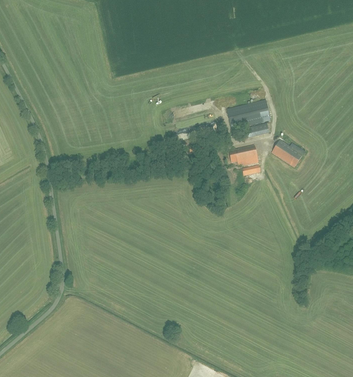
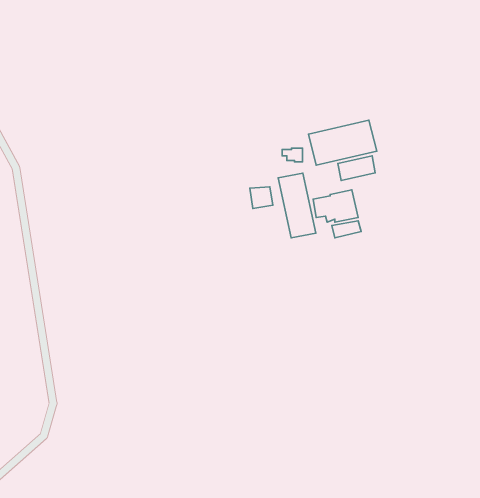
building: none -> [278,173,316,238]
building: [271,140,305,167] -> none

